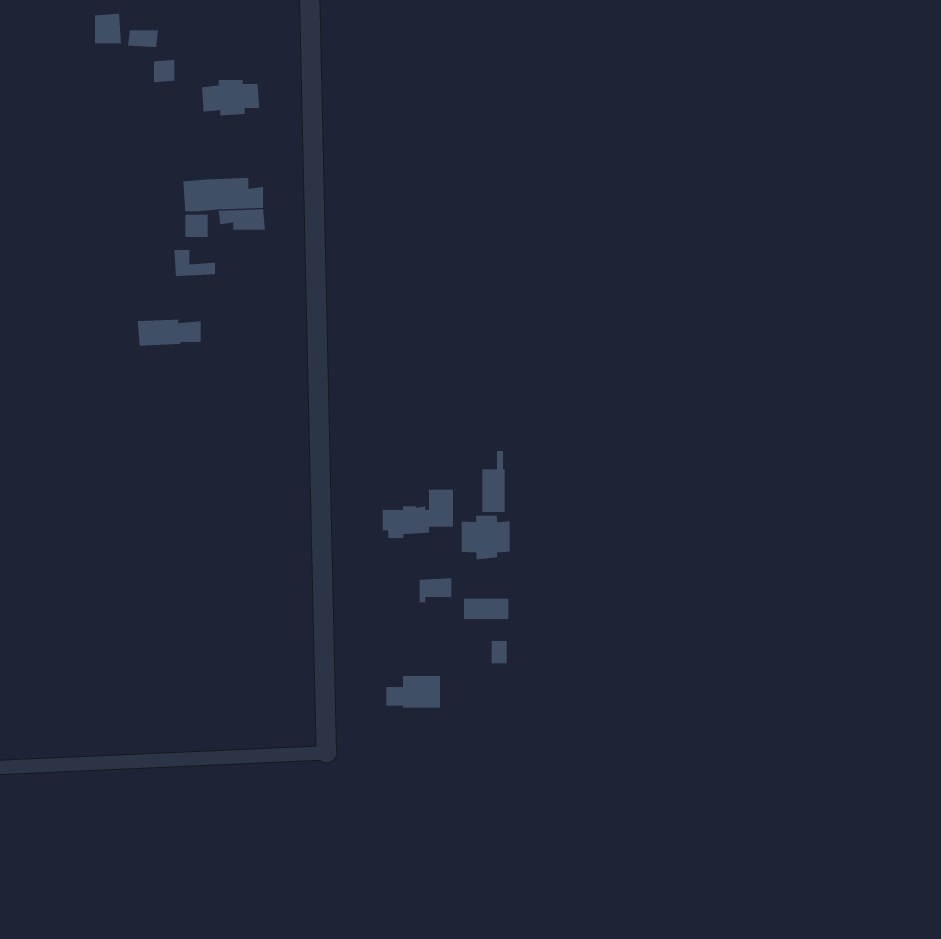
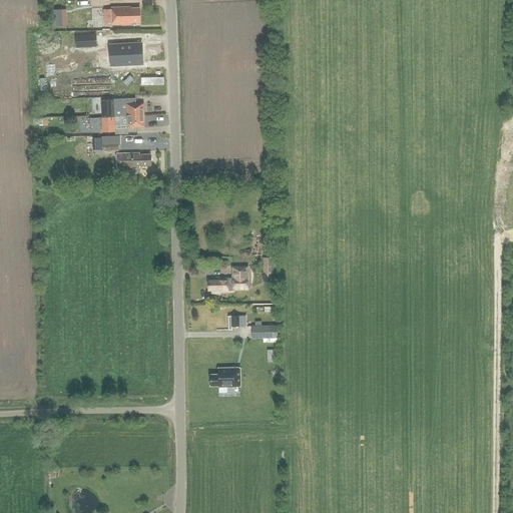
building: none -> [111,5,139,23]
building: [137,319,201,346] -> [115,151,150,166]
building: [461,515,511,560] -> none

